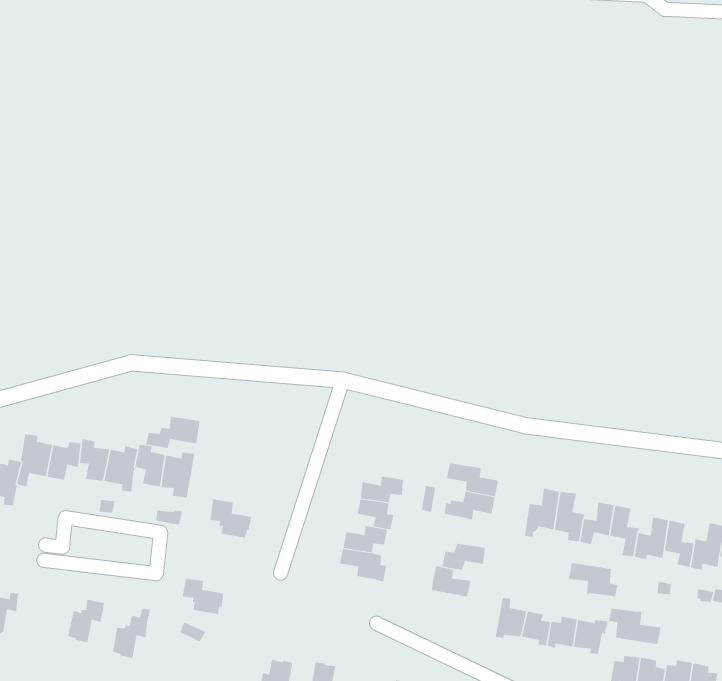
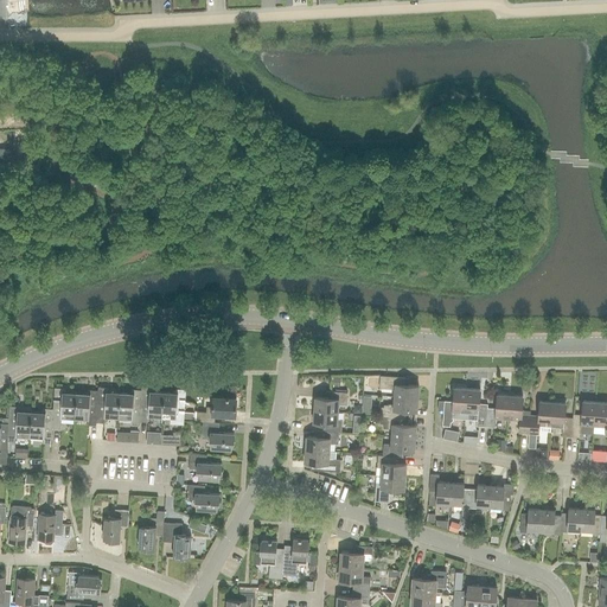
building: [145,416,201,449] -> [196,398,236,423]
building: none -> [378,416,415,439]
building: none -> [189,455,221,480]
building: [568,562,618,597] -> none
building: none -> [373,475,404,503]
building: [608,608,661,645] -> none
building: none -> [162,523,191,558]

